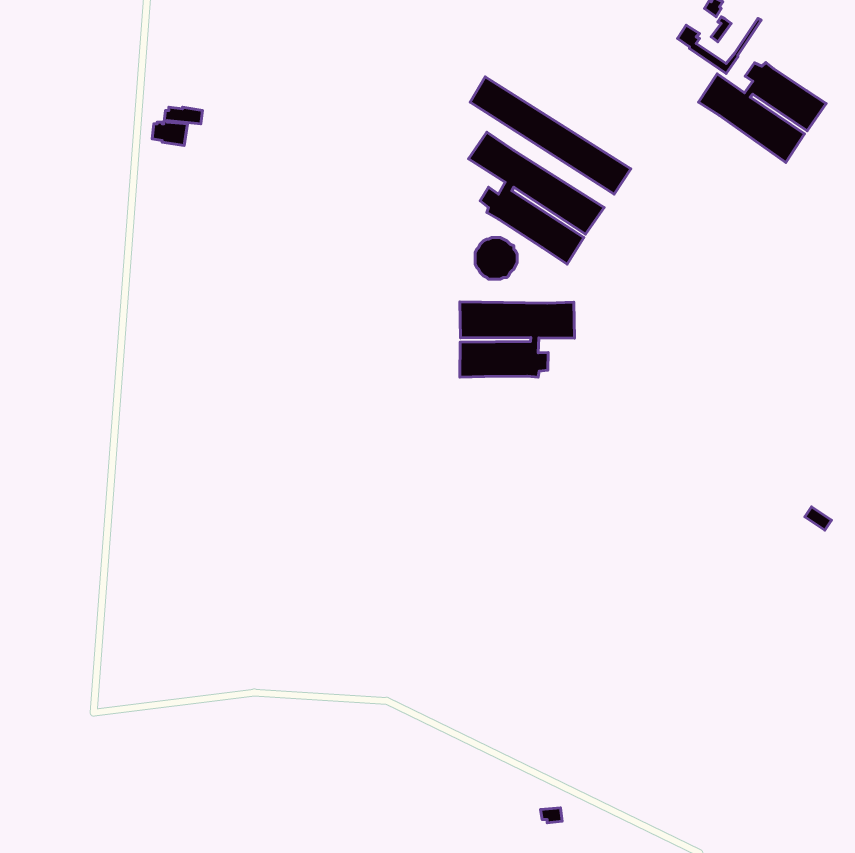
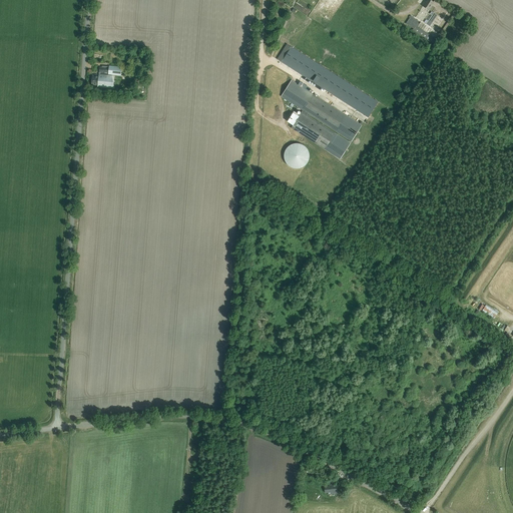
building: [698,62,826,162] -> none
building: [460,302,574,377] -> none

